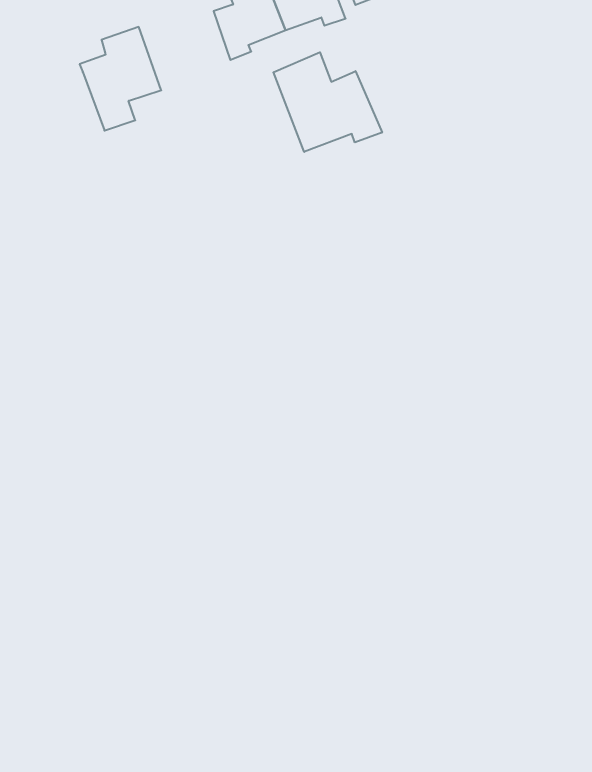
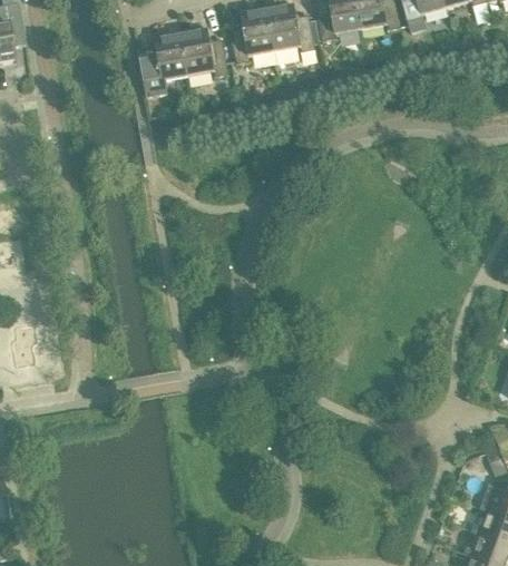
building: none -> [180,28,228,76]
building: [273,52,382,152] -> none

